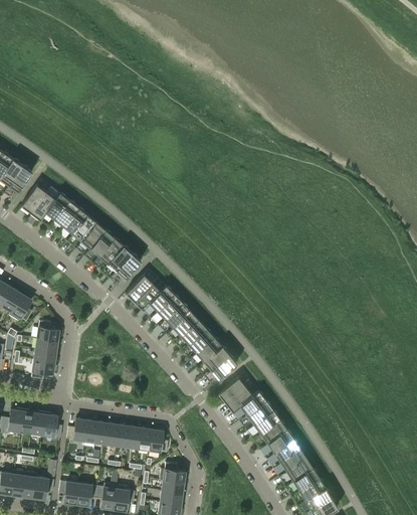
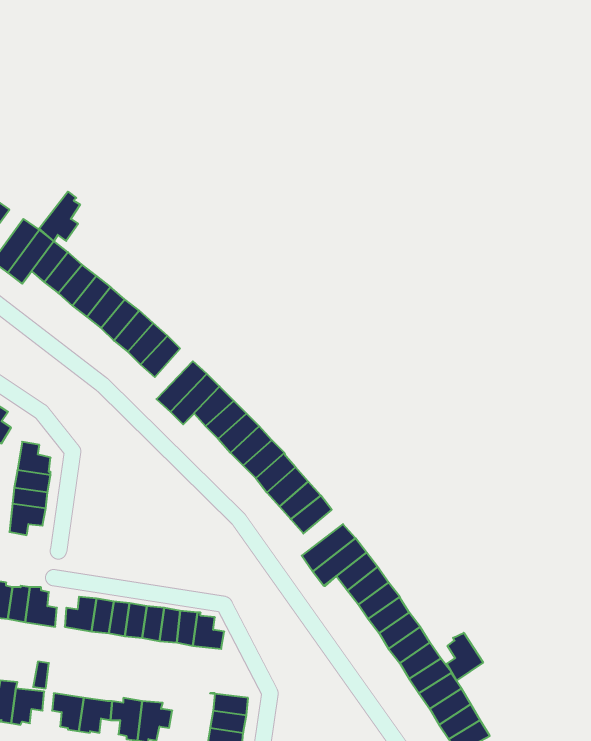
building: none -> [39,192,80,241]
building: none -> [447,633,483,680]
building: [160,463,185,484] -> none

